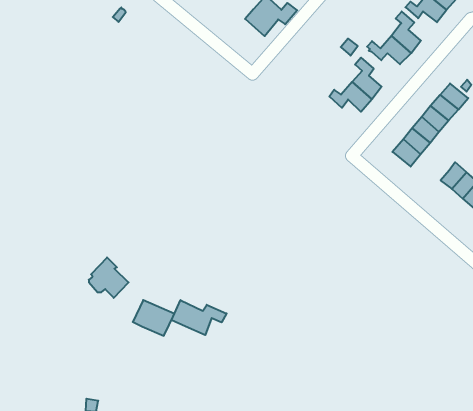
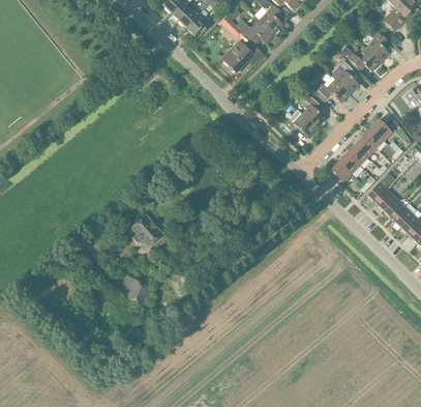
building: [89,257,129,298] -> [129,214,160,246]
building: [172,300,227,335] -> none

